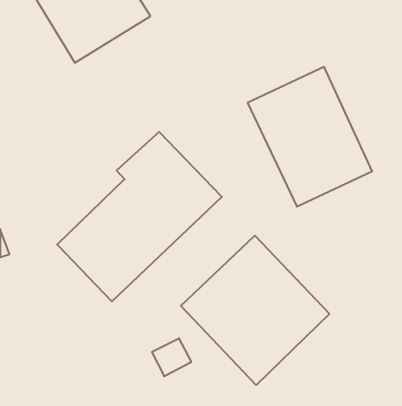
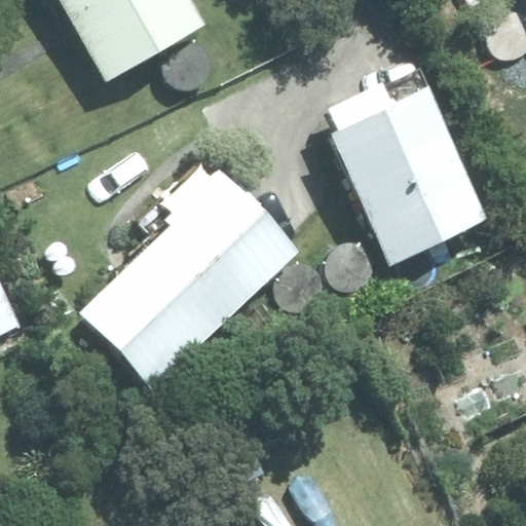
building: [181,236,329,385] -> none

